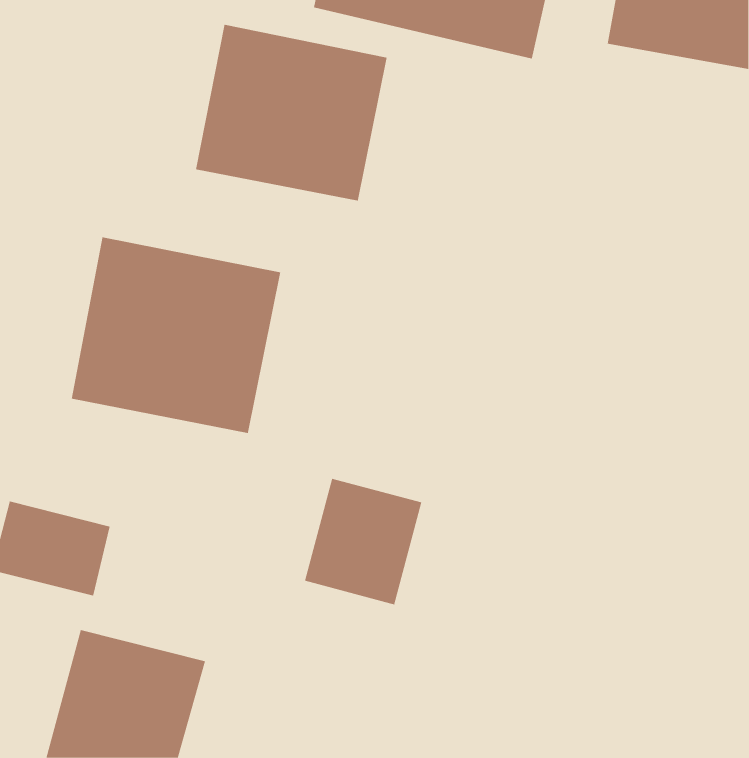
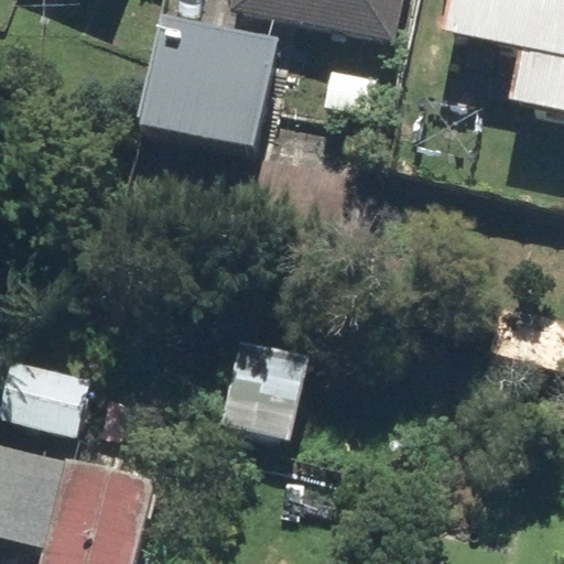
building: [71,237,281,434] -> none

